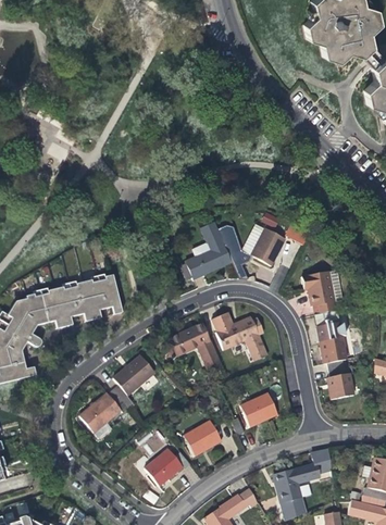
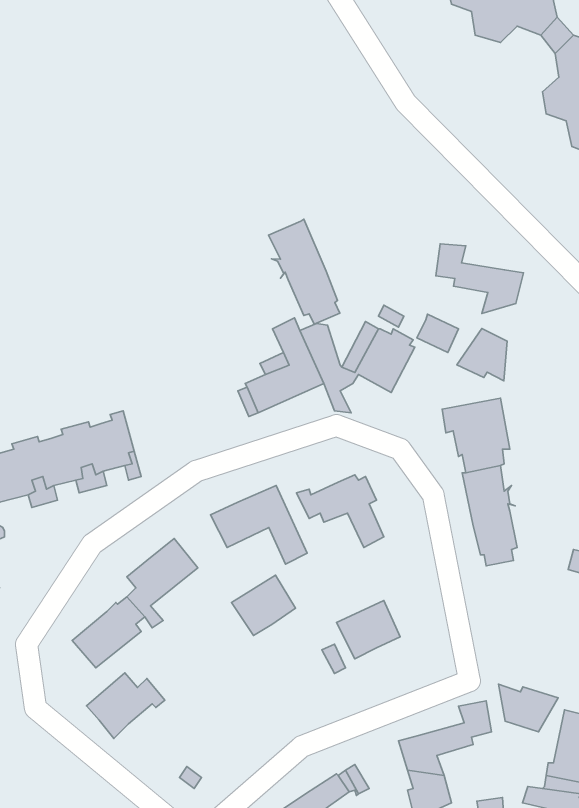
building: none -> [268,219,340,324]
building: none -> [436,244,523,314]
building: none -> [457,329,507,381]
building: [327,364,354,399] -> none
building: [184,418,222,454] -> [232,575,295,635]
building: none -> [498,684,558,732]
building: [146,447,192,486] -> [86,673,165,739]

